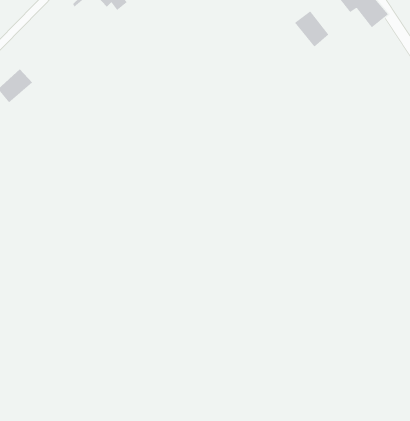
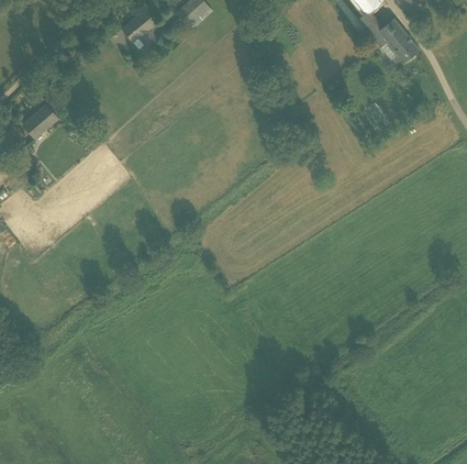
building: [294,10,329,47] -> none

